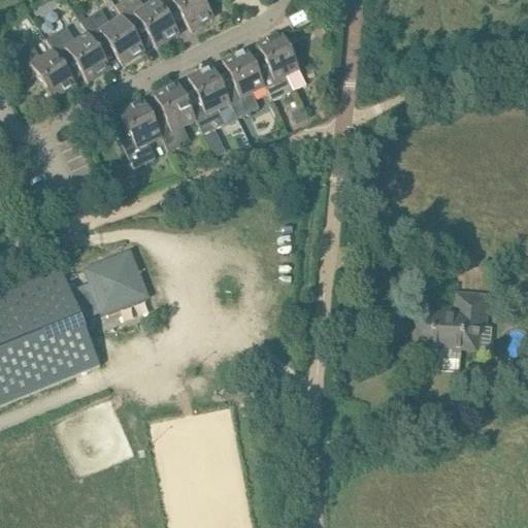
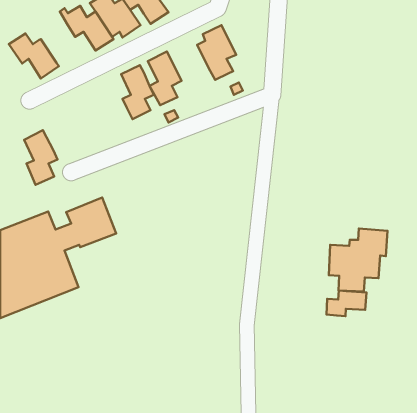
building: [45,25,109,81] -> none
building: [222,48,264,117] -> none
building: [119,99,161,168] -> [24,130,58,185]
building: none -> [327,291,367,316]

